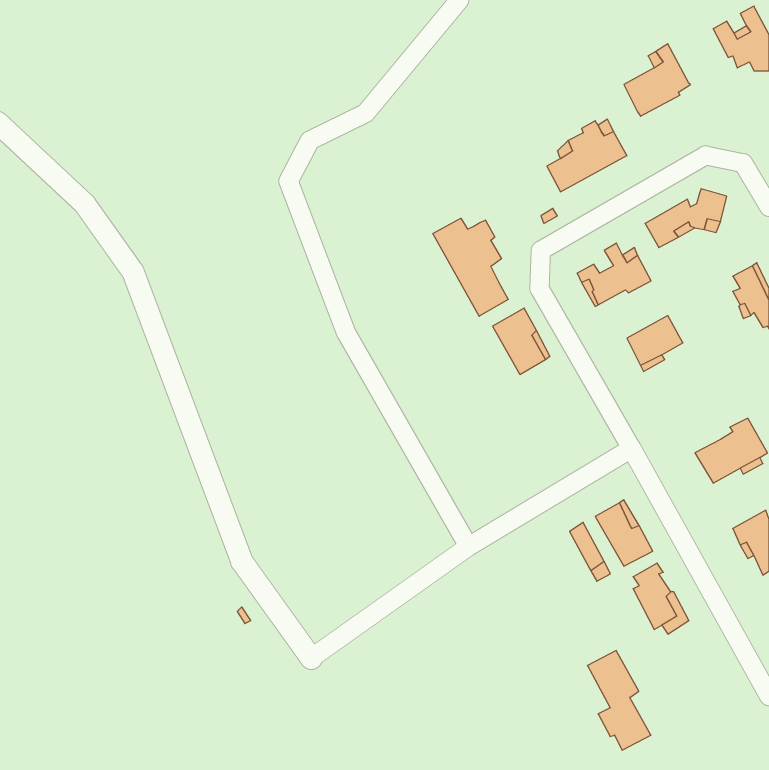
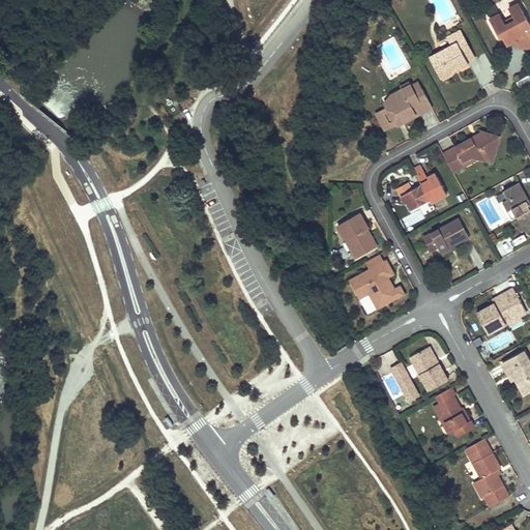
building: [433,218,508,316] -> none
building: none -> [348,254,405,315]
building: [587,651,651,750] -> [465,438,508,506]

